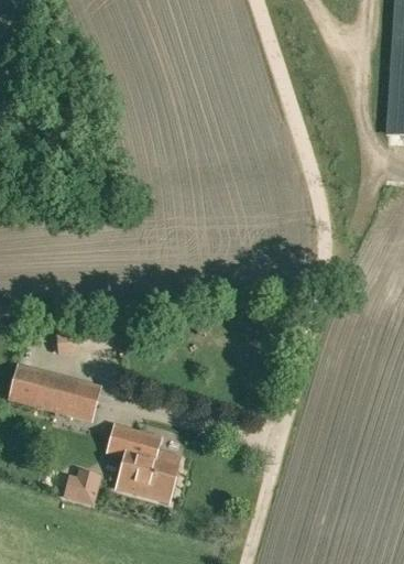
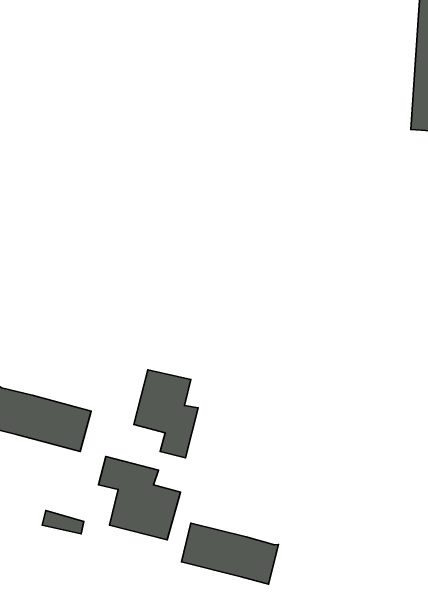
building: none -> [134,370,198,458]
building: none -> [181,523,278,584]

